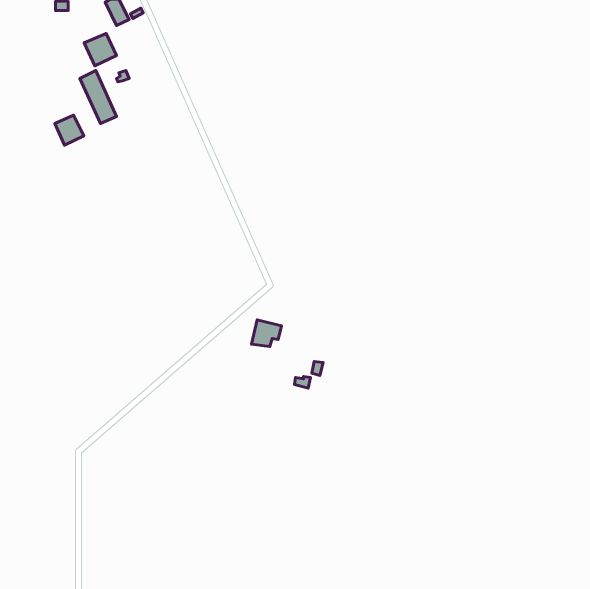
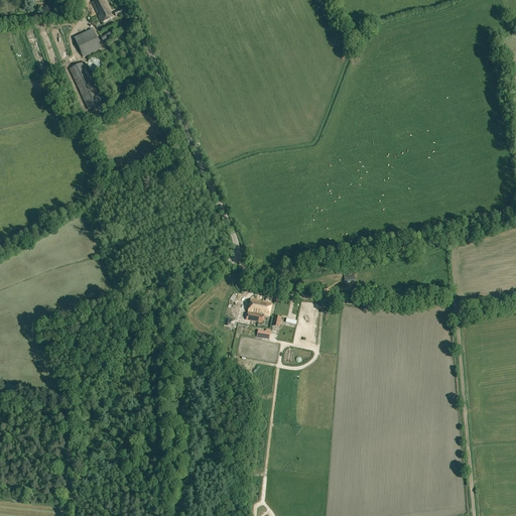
building: [55,115,84,145] -> none
building: [251,320,281,347] -> [246,298,272,321]

